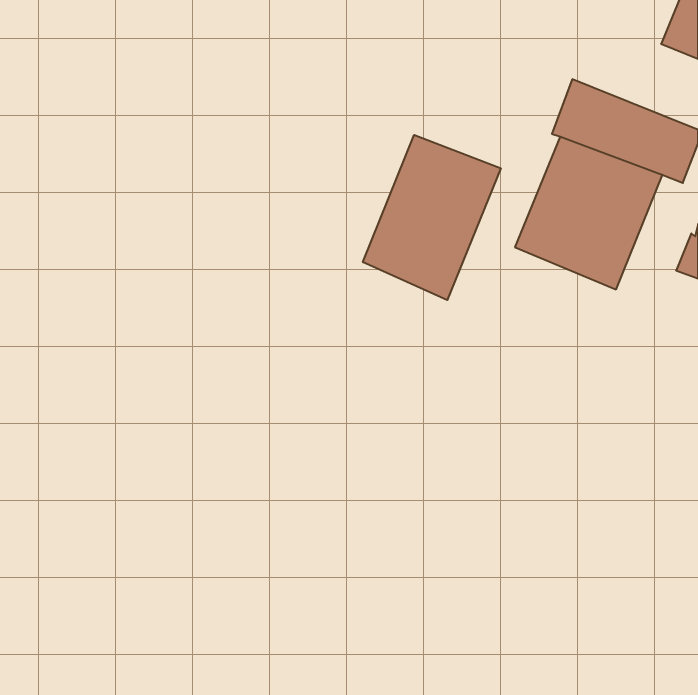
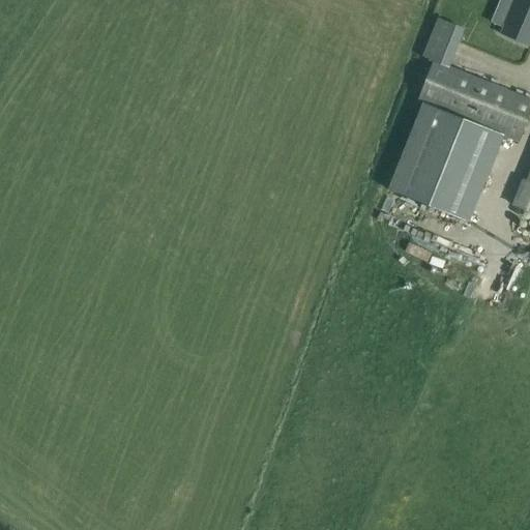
building: none -> [422,20,463,66]
building: [363,135,501,300] -> none

